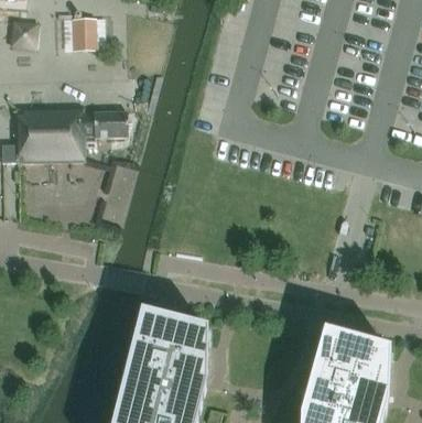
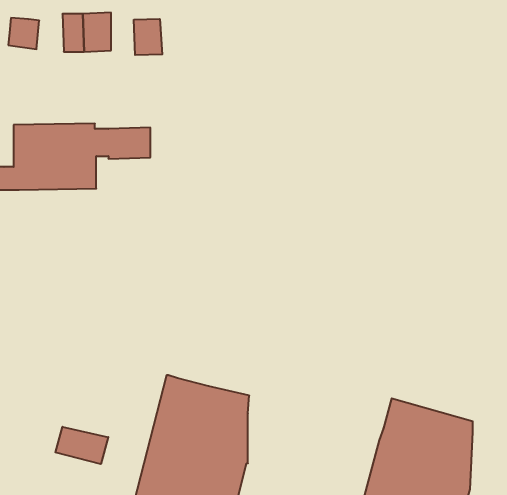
building: none -> [134,19,162,55]
building: none -> [55,427,108,464]

